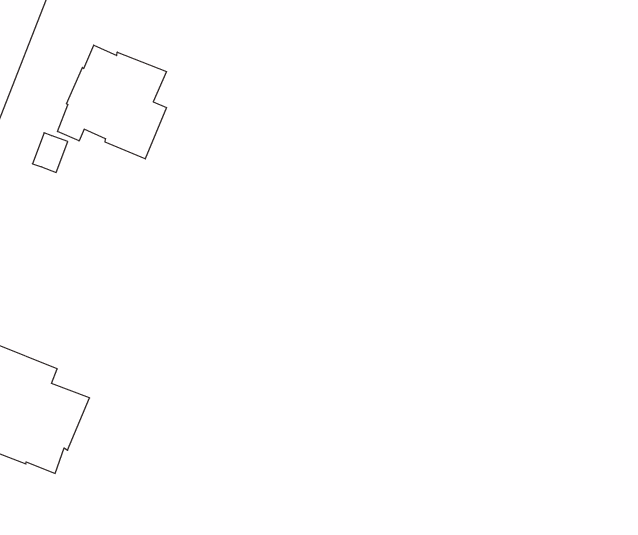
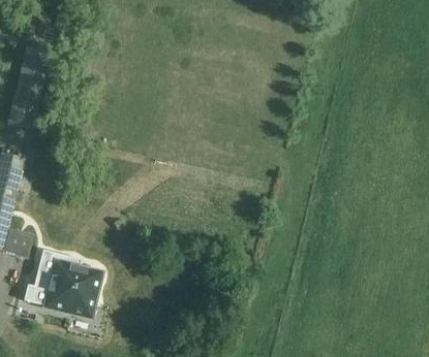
building: [58,45,167,159] -> none

